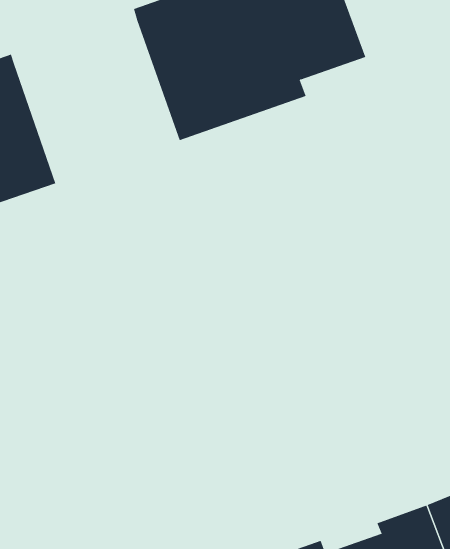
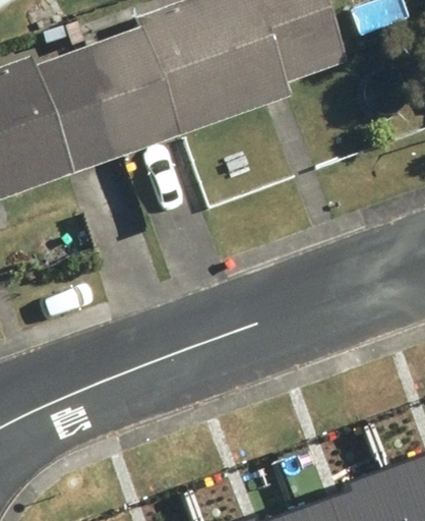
building: none -> [29,21,175,175]

